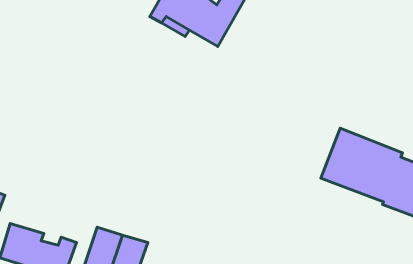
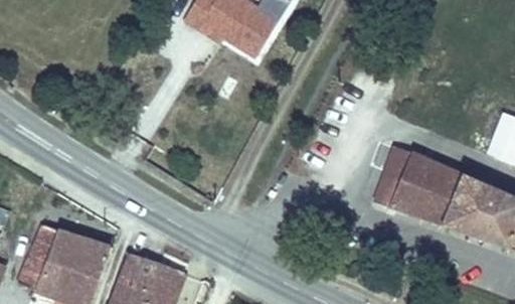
building: none -> [29,222,113,274]

